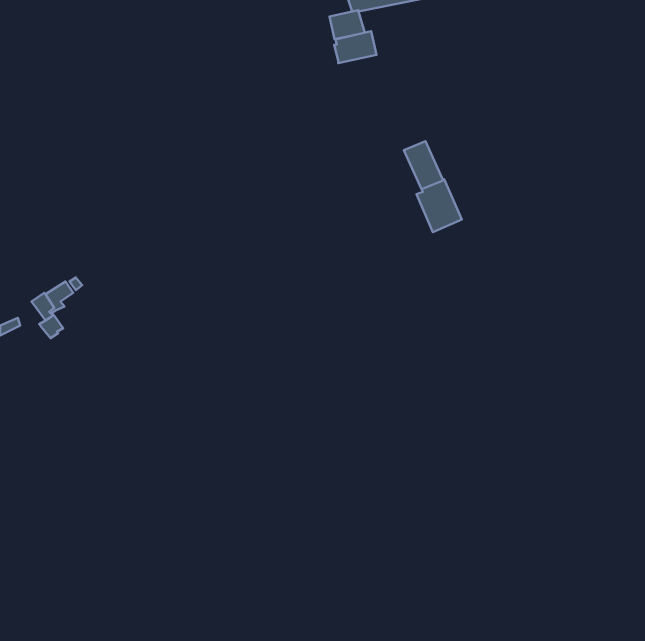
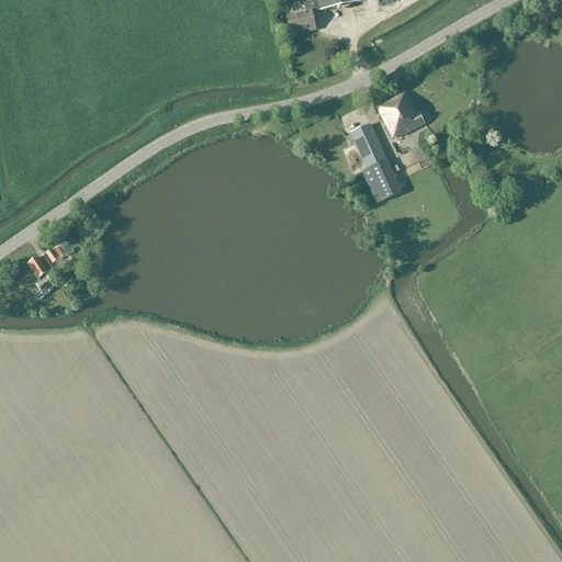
building: [334,31,377,63] -> none
building: none -> [376,90,426,135]

